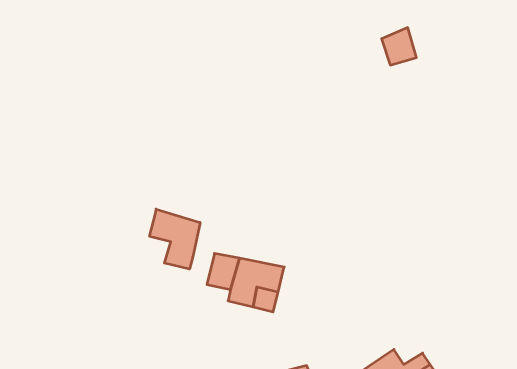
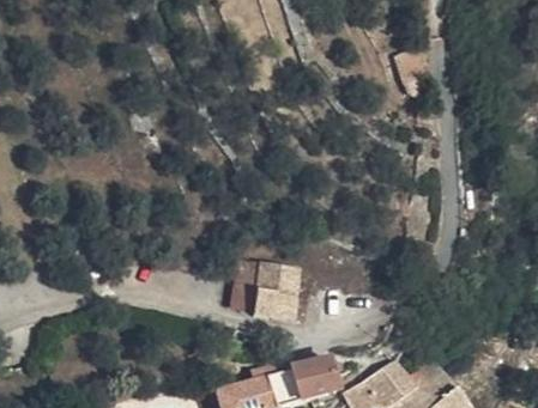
building: [150,209,200,269] -> none

